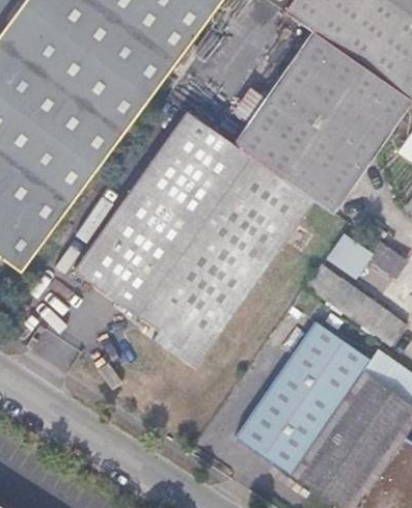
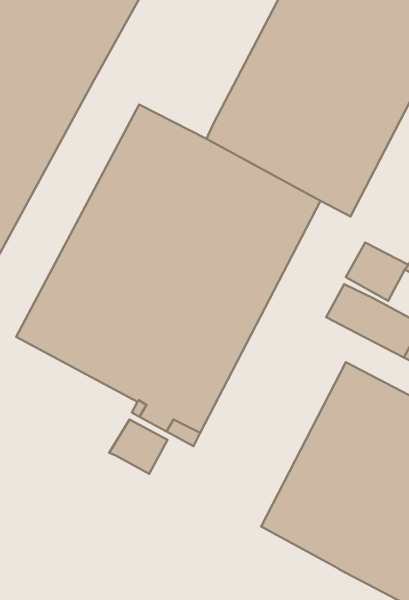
building: none -> [109,419,167,474]

